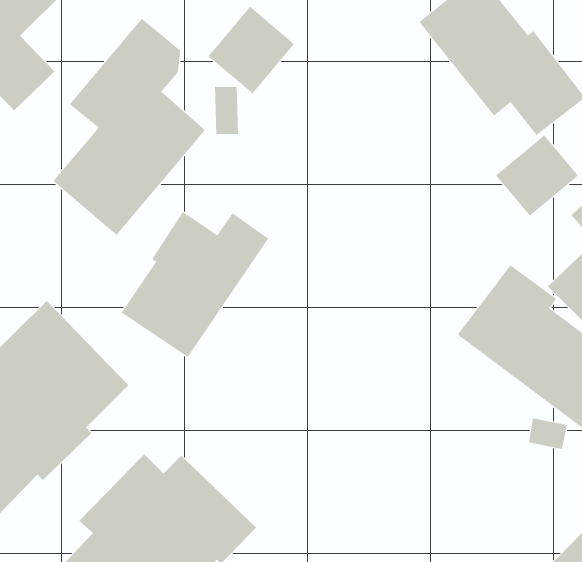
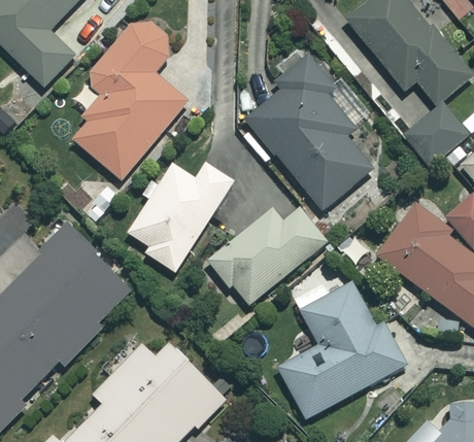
building: [208,6,295,94] -> none
building: none -> [246,56,373,212]
building: none -> [208,209,327,307]
building: none -> [278,283,407,419]

